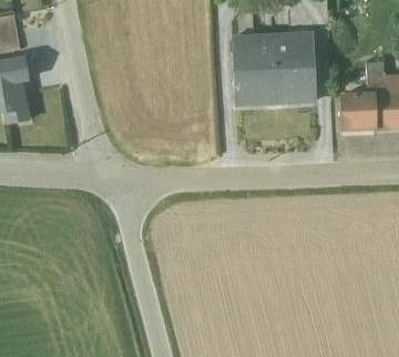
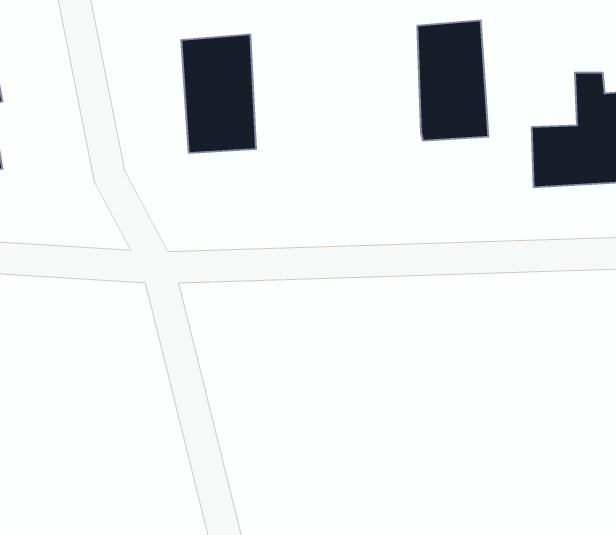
building: [233,34,277,104] -> [181,35,256,153]

